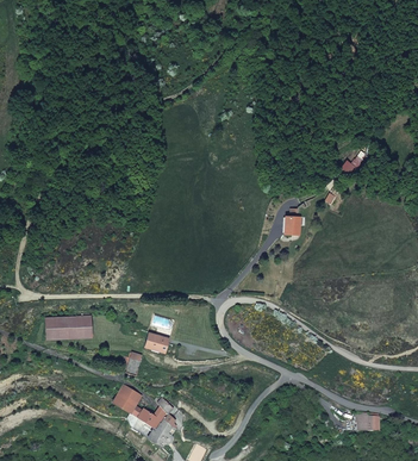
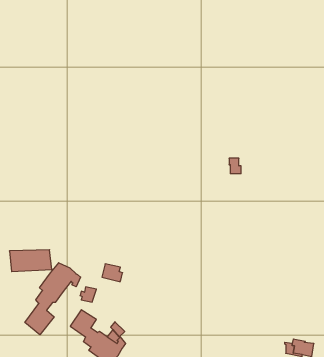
building: none -> [25,263,81,335]

